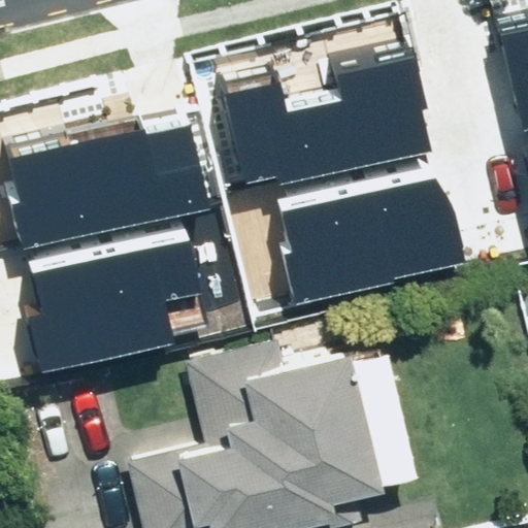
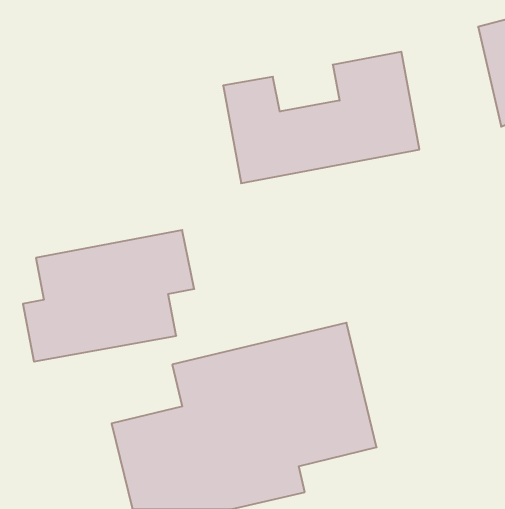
building: [14,113,224,257] -> none
building: [286,189,455,302] -> none

